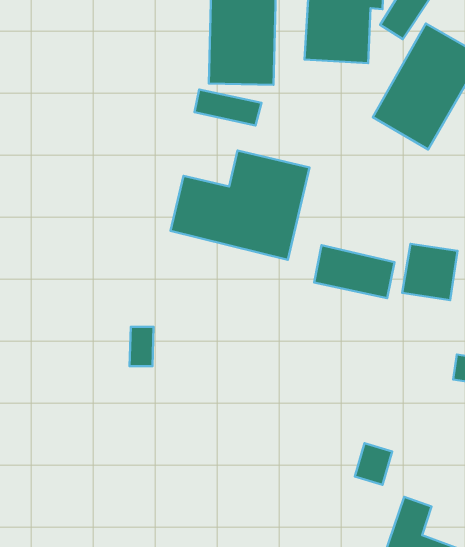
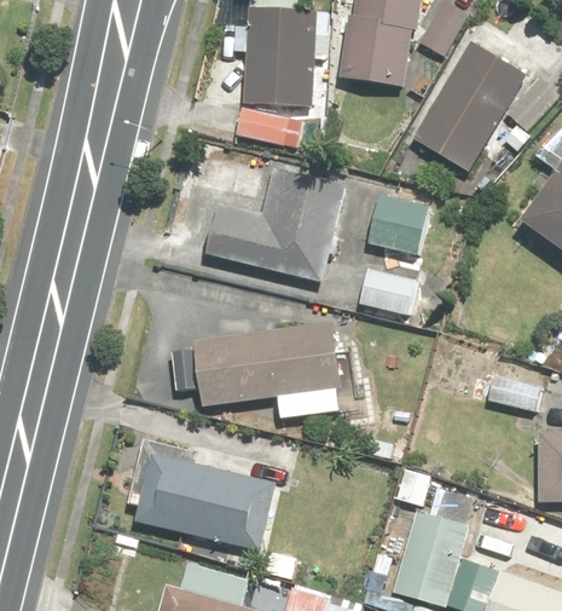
building: [402,244,457,300] -> [370,198,425,255]
building: none -> [198,329,341,403]
building: none -> [135,456,274,547]

